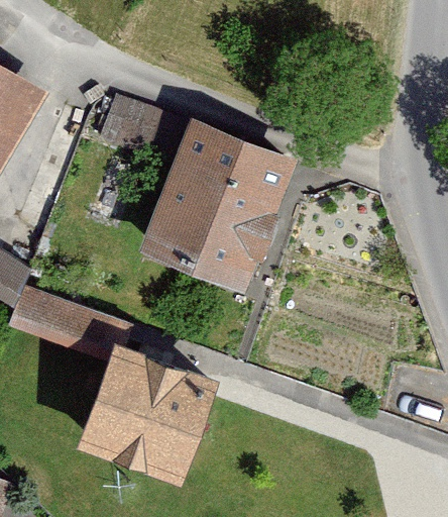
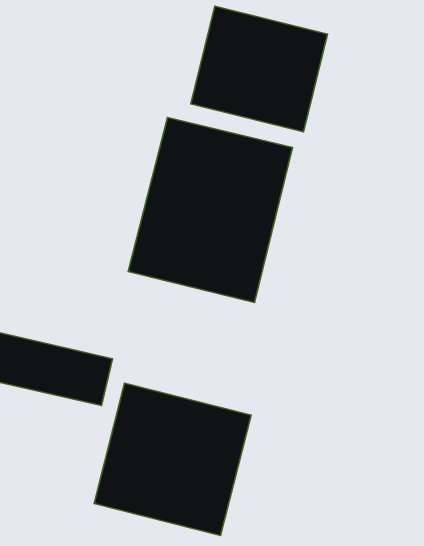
building: none -> [191,6,328,132]

